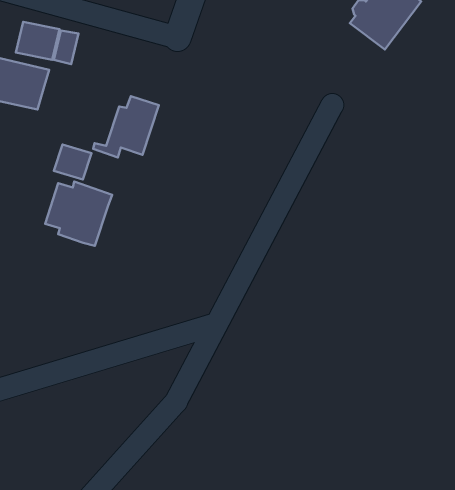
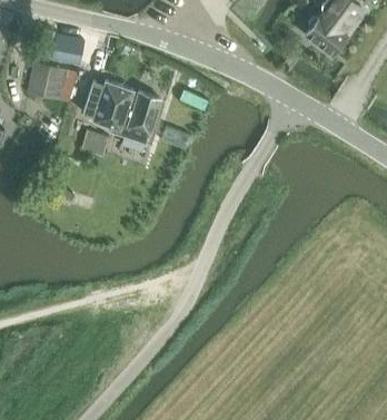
building: [45,182,112,246] -> [82,80,133,129]

